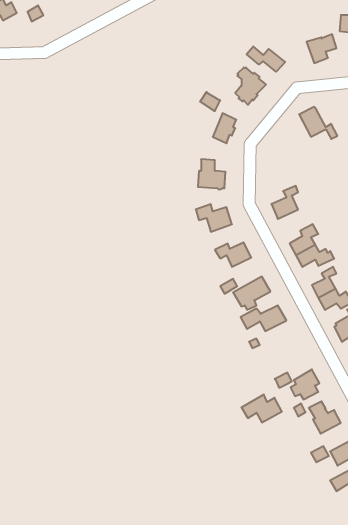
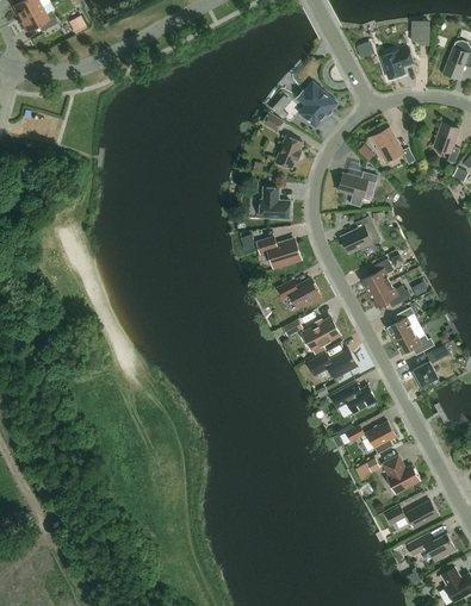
building: [247,46,285,72] -> none
building: none -> [337,171,377,196]
building: [241,395,282,422] -> [330,381,376,412]

